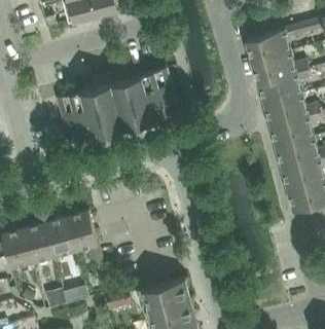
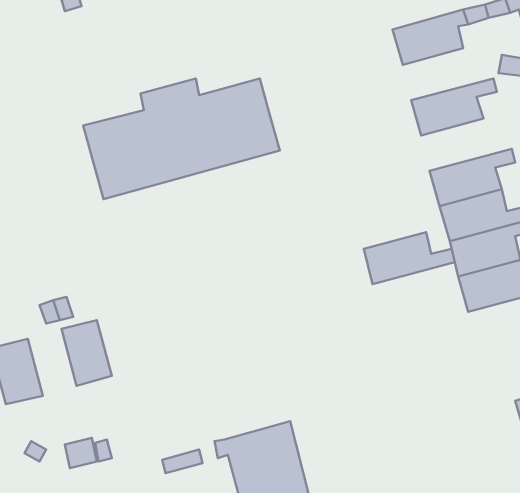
building: [252,50,308,82] -> none
building: [263,94,319,125] -> [364,232,455,284]
building: [65,211,102,266] -> none
building: [23,222,52,263] -> none

